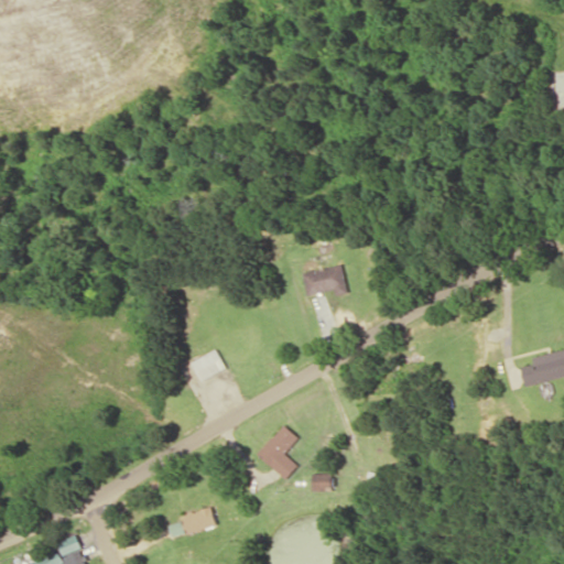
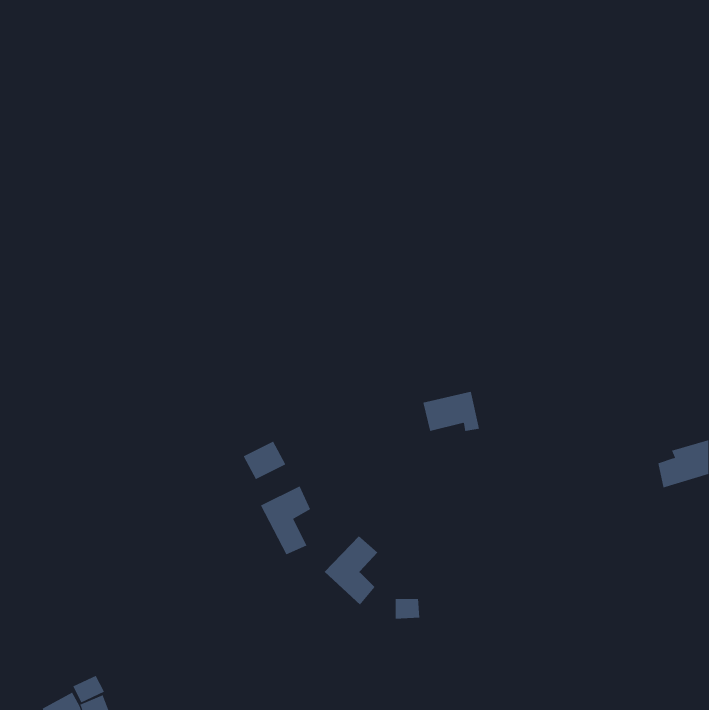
building: [301,264,346,296] -> [423,391,480,432]
building: none -> [260,485,311,555]
building: [182,508,216,534] -> none

